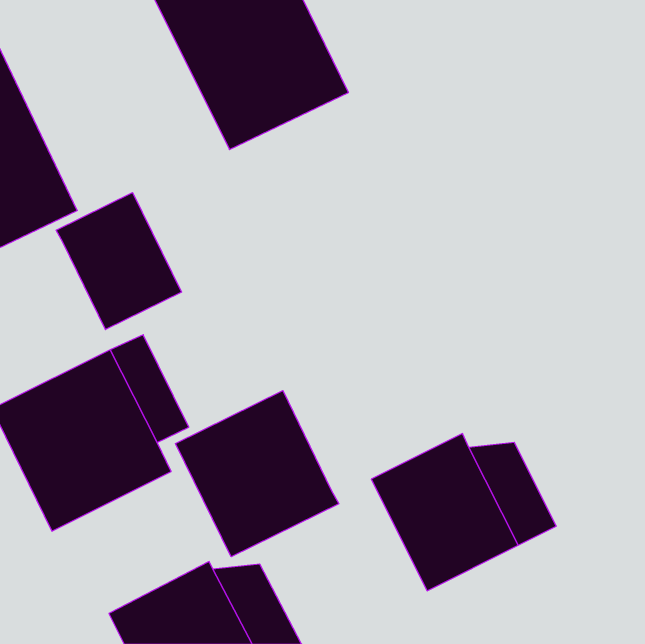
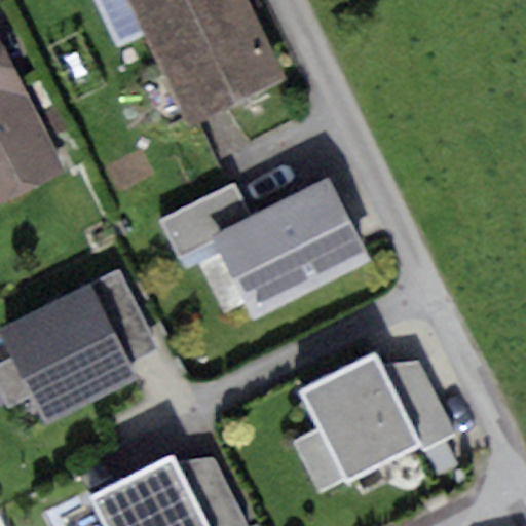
building: [56,193,181,330] -> none
building: none -> [163,187,356,311]
building: [175,391,339,557] -> none

